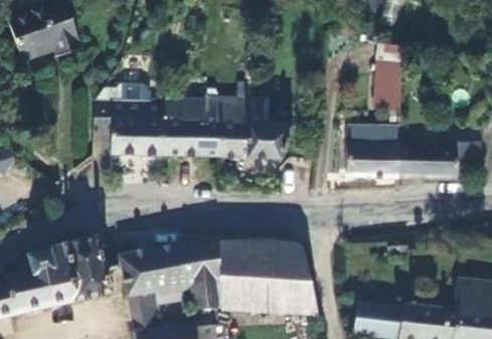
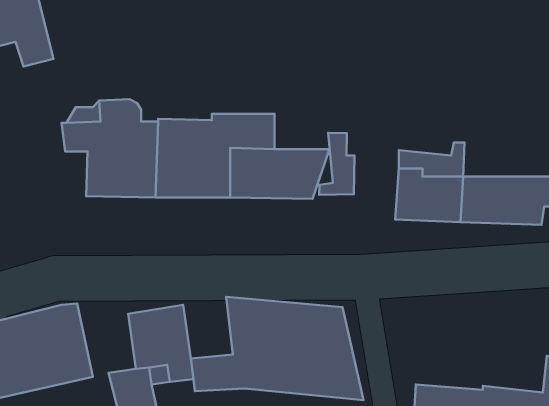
building: [372,56,401,106] -> none
building: none -> [319,133,354,195]
building: [181,234,219,282] -> none
building: [116,247,145,293] -> none

